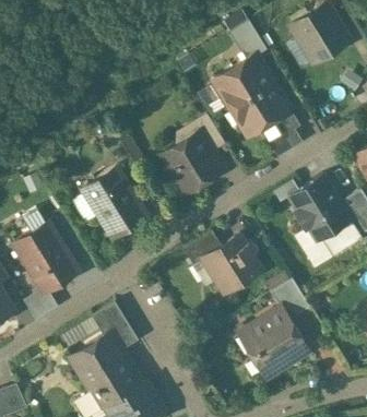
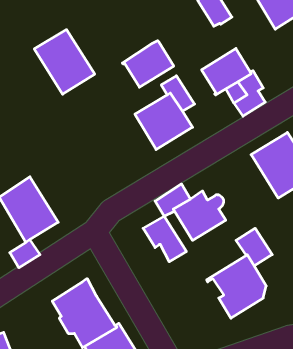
building: [213,58,269,108] -> [122,41,174,87]
building: [80,169,145,239] -> [34,30,95,94]
building: [90,303,137,353] -> [143,216,186,262]

